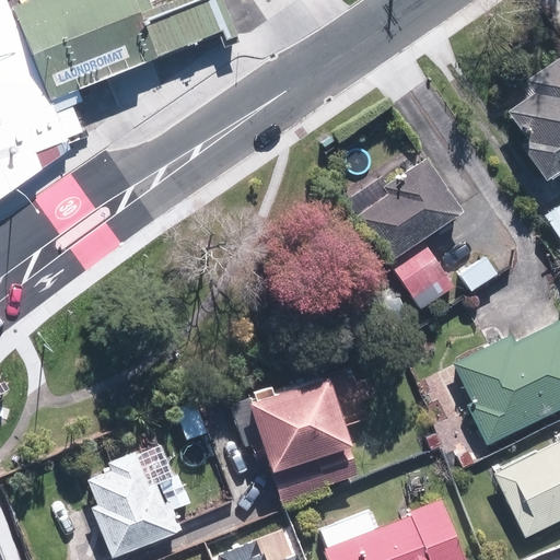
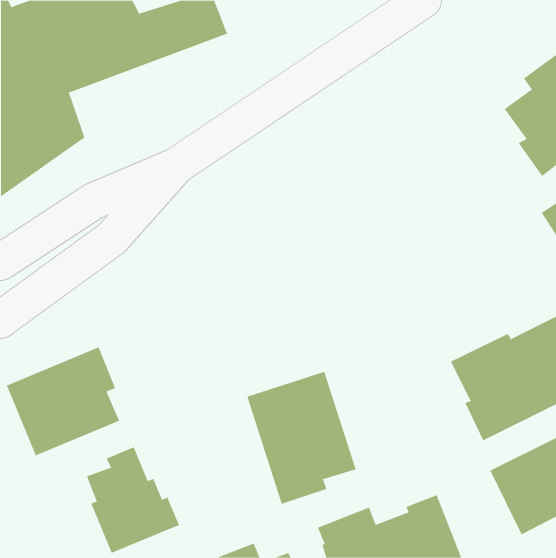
building: [354,156,462,260] -> none
building: [393,244,454,307] -> none
building: none -> [6,347,120,456]

